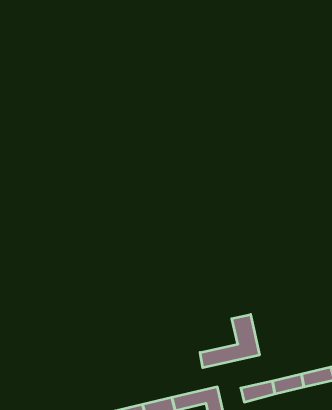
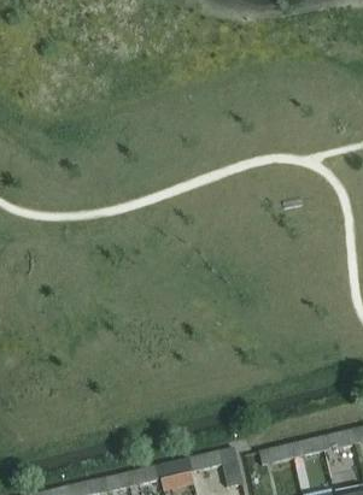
building: [200,314,259,368] -> none

